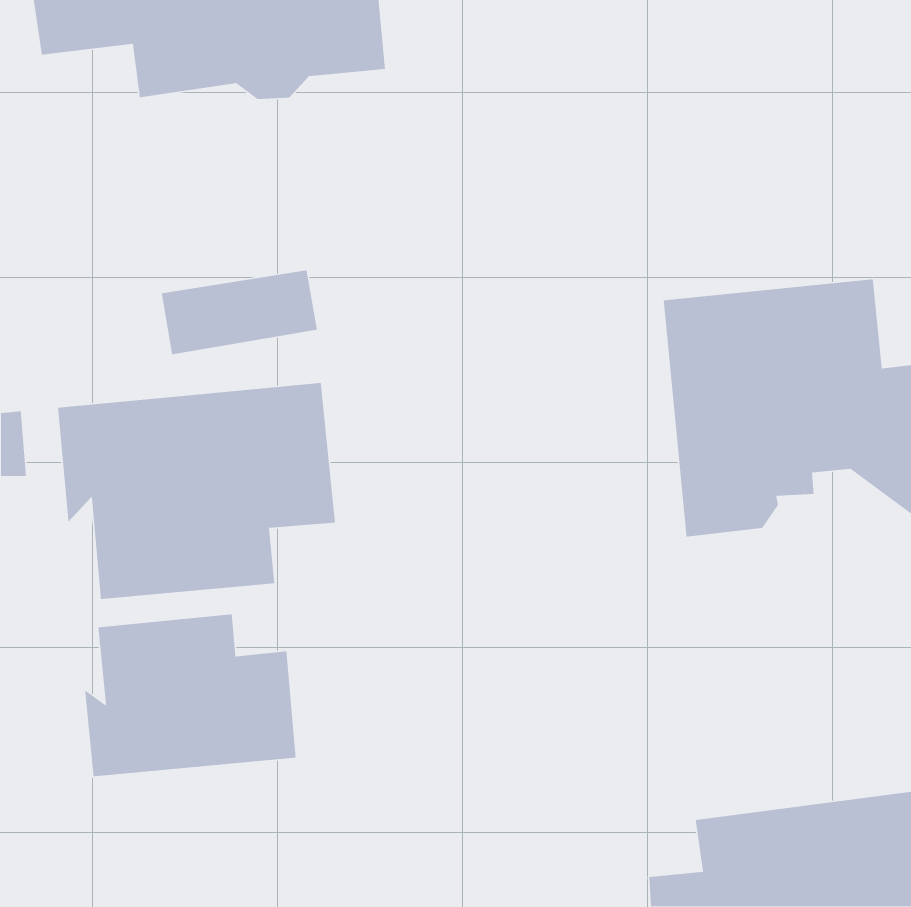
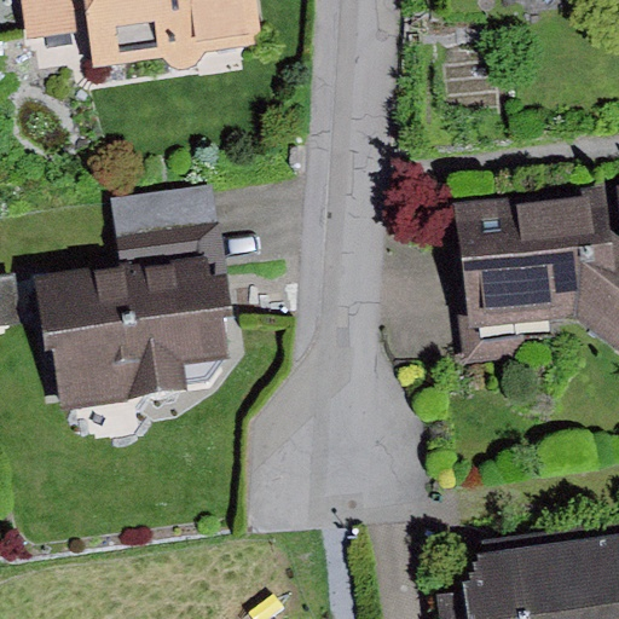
building: [84,614,297,777] -> none

